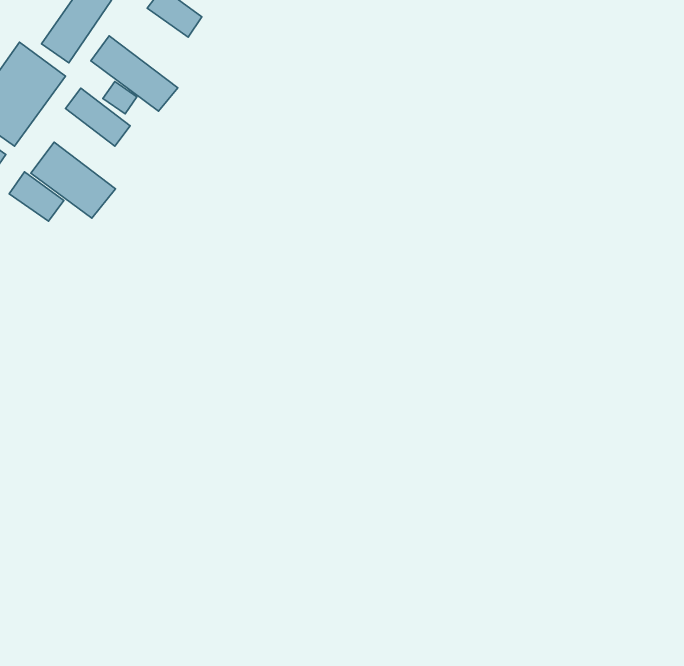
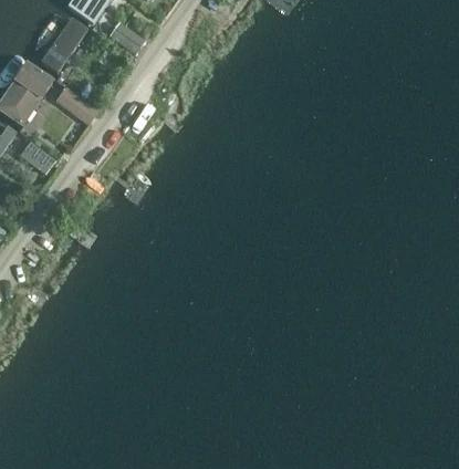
building: [91,36,178,111] -> none
building: [31,142,116,218] -> none

